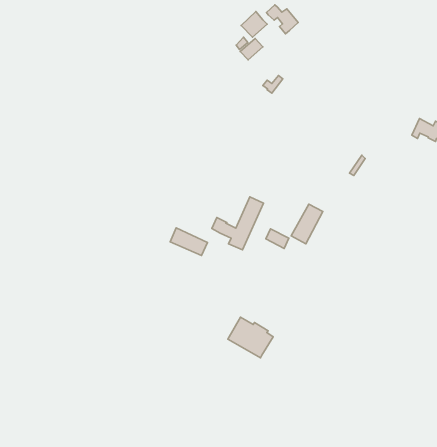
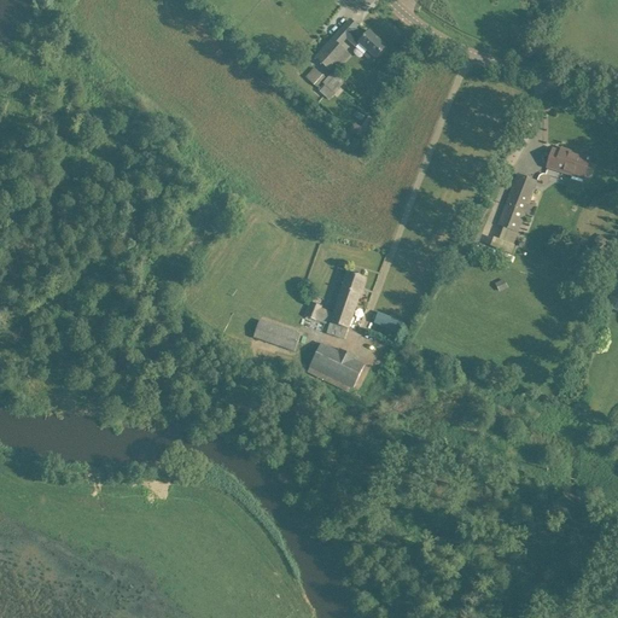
building: none -> [496,174,538,241]
building: [291,204,323,244] -> none
building: [228,317,273,358] -> [308,343,365,391]

